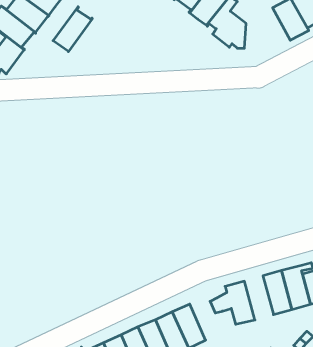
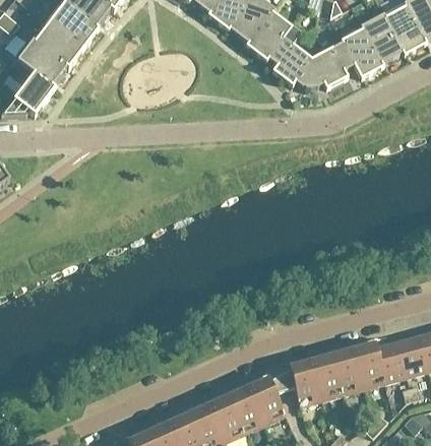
building: [53,7,92,52] -> none
building: none -> [309,41,362,89]
building: none -> [309,351,343,401]
building: none -> [246,374,286,425]

